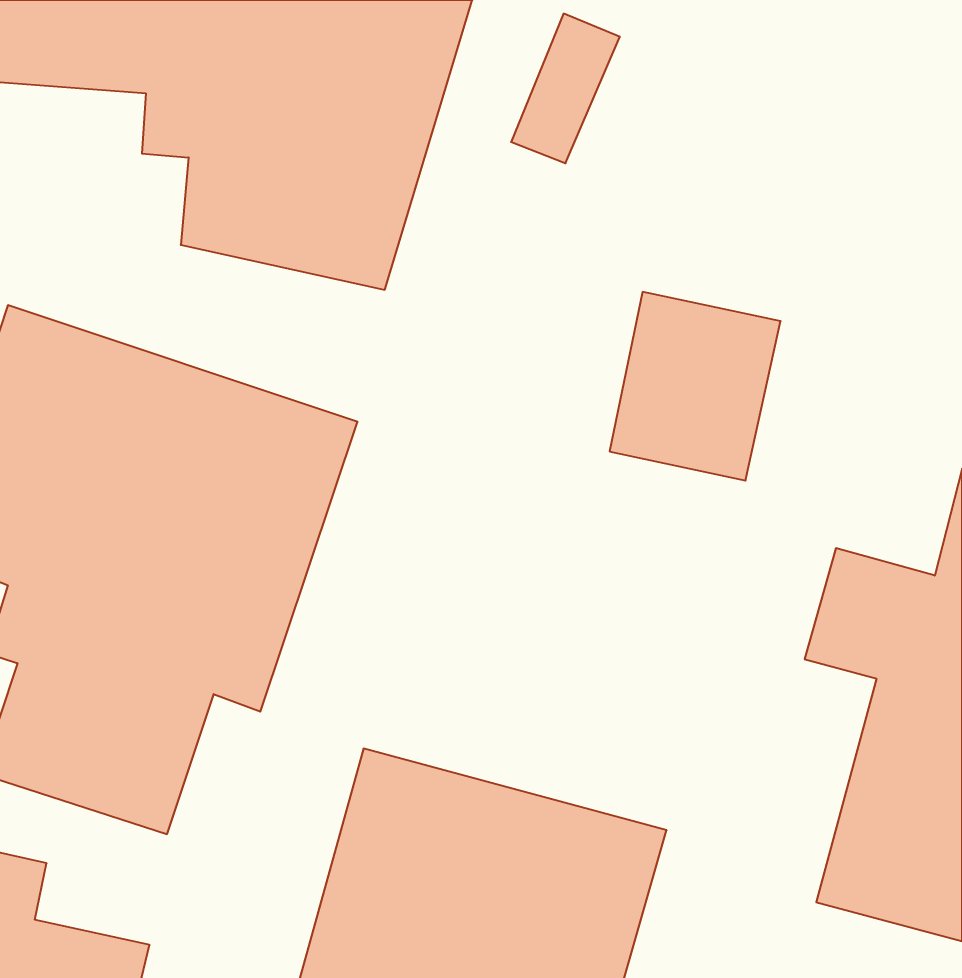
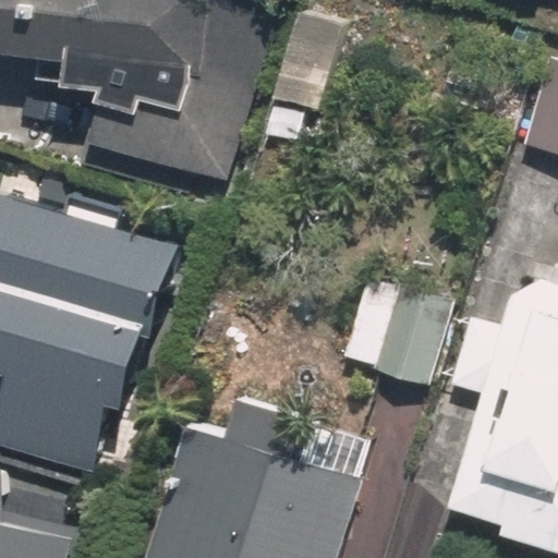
building: [610,292,781,481] -> [341,276,437,381]

